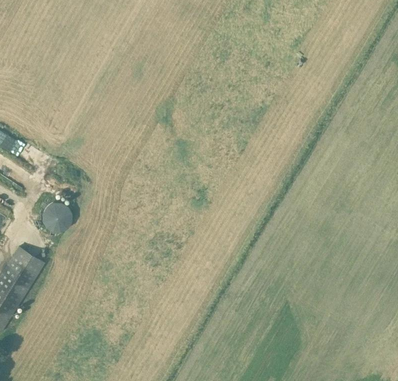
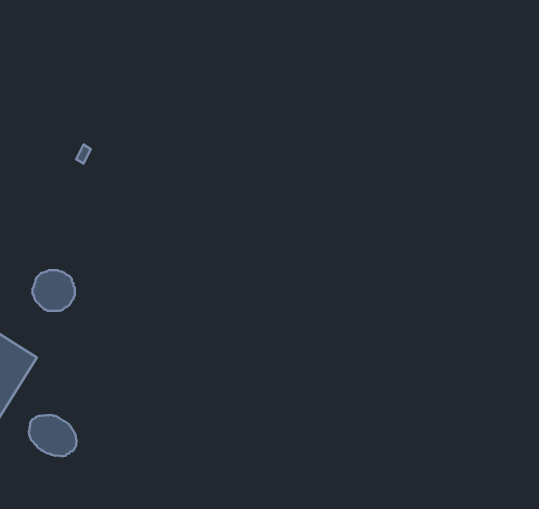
building: none -> [29,415,77,456]

